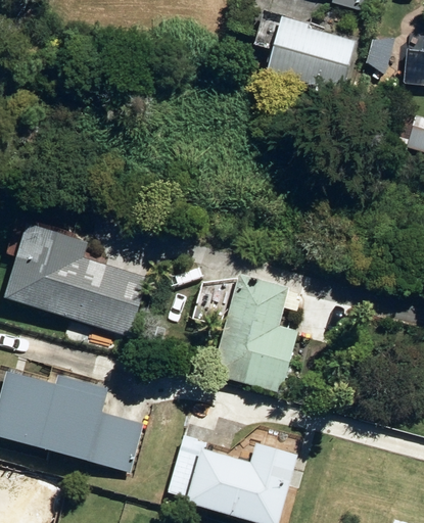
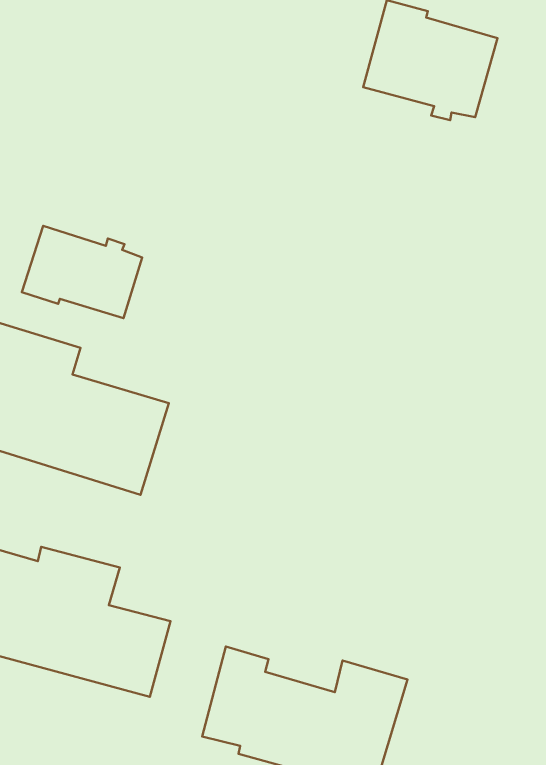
building: none -> [22,226,142,318]
building: [213,277,294,393] -> none

